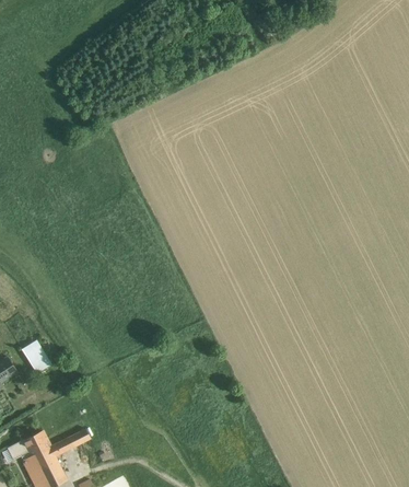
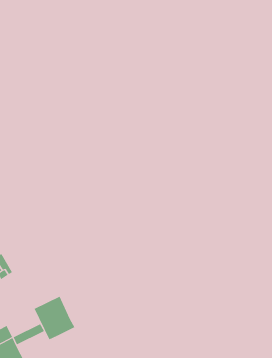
building: none -> [34,296,75,340]

